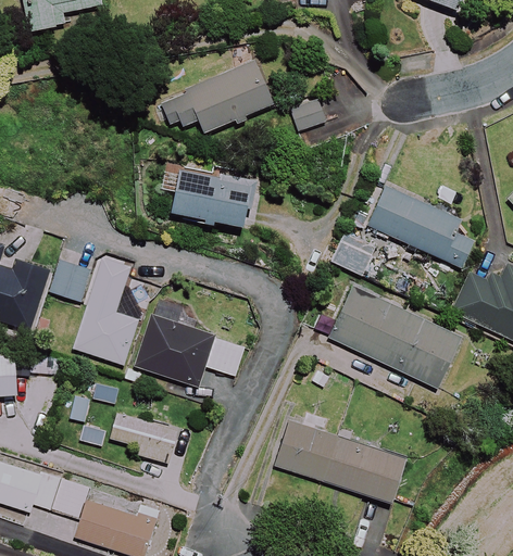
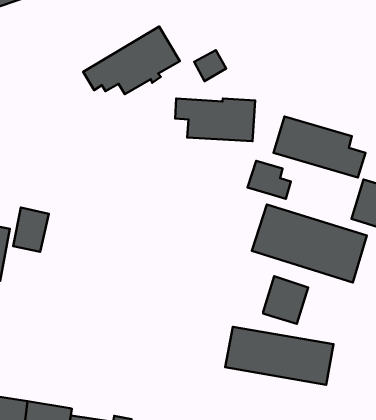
building: [161,166,257,228] -> [175,98,255,141]
building: [74,256,138,364] -> none
building: [135,314,247,387] -> none
building: none -> [263,276,308,324]
building: [111,413,177,463] -> none

